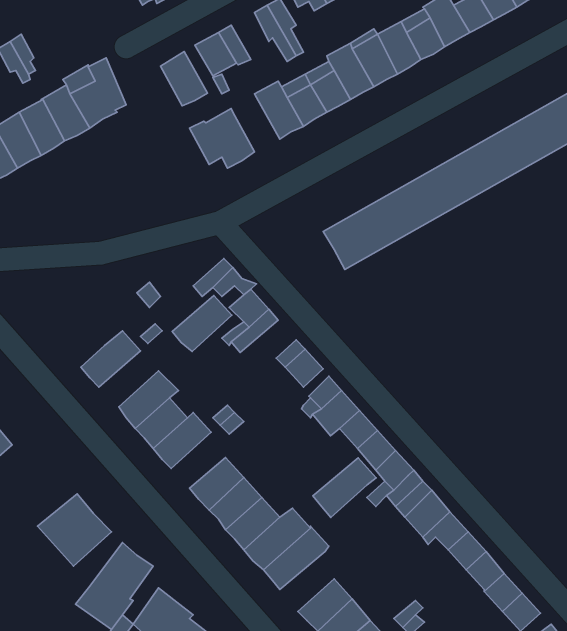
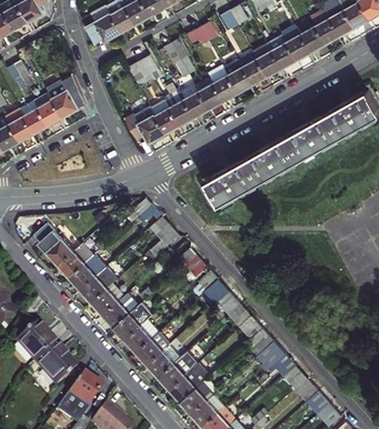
building: [161,52,208,106] -> [150,100,179,133]
building: [172,295,232,351] -> [68,256,104,290]
building: none -> [33,225,71,266]
building: none -> [112,305,150,340]
building: [313,458,376,518] -> [179,379,218,416]
building: none -> [12,322,54,363]

